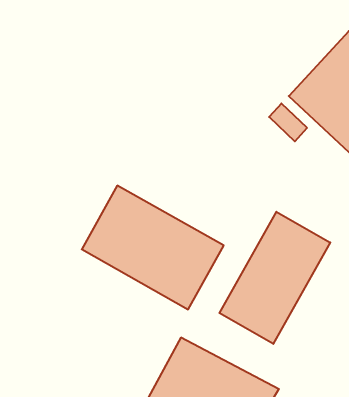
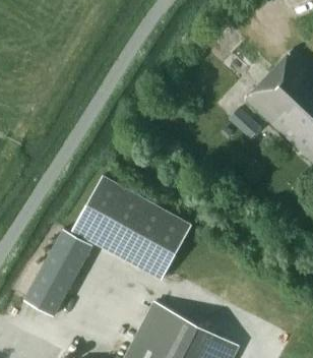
building: [219,212,330,344] -> none
building: none -> [23,229,93,316]

